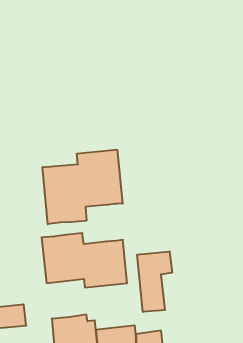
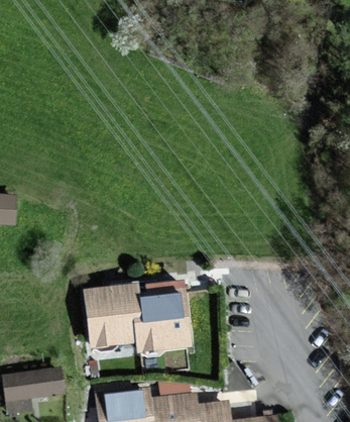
building: [43,150,123,224] -> none
building: [137,251,172,312] -> none

